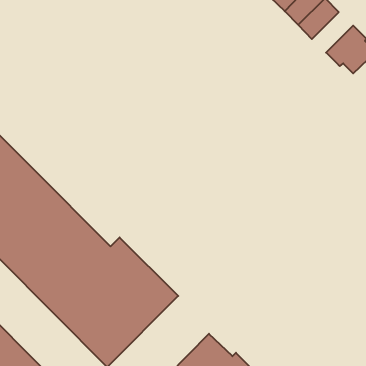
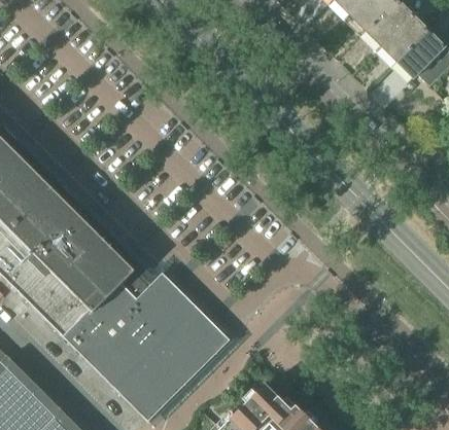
building: none -> [380,16,427,63]

